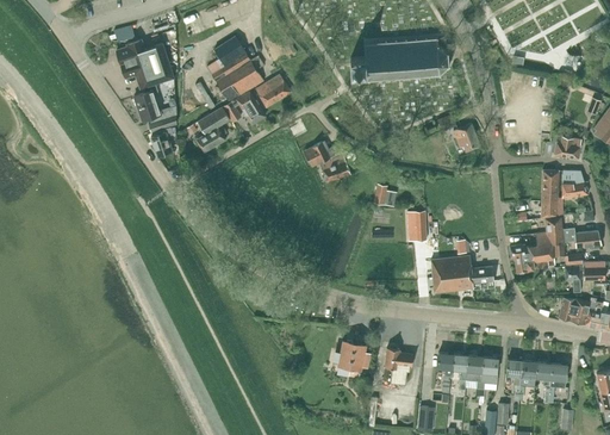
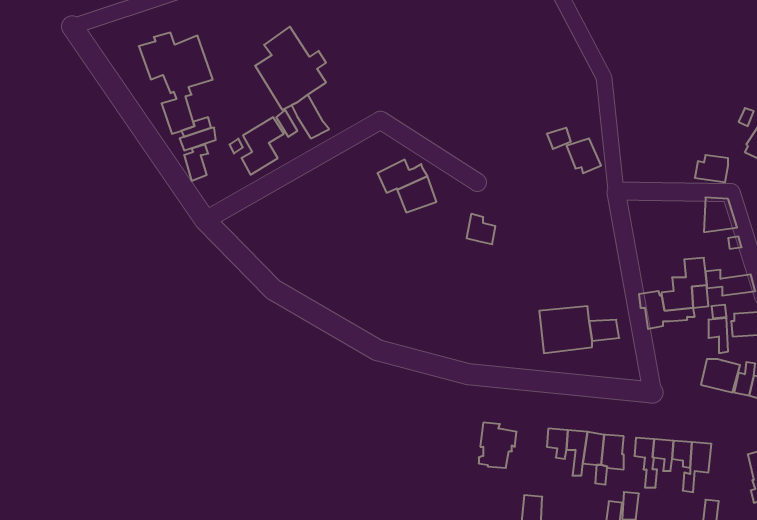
building: [350,37,450,81] -> none
building: [255,74,292,107] -> none
building: [541,170,562,218] -> none
building: [407,211,427,241] -> none
building: [338,340,368,377] -> none

